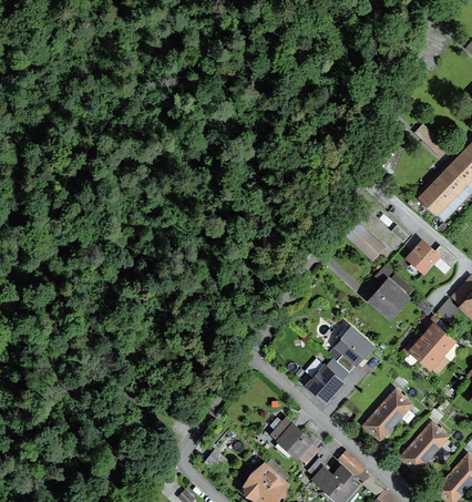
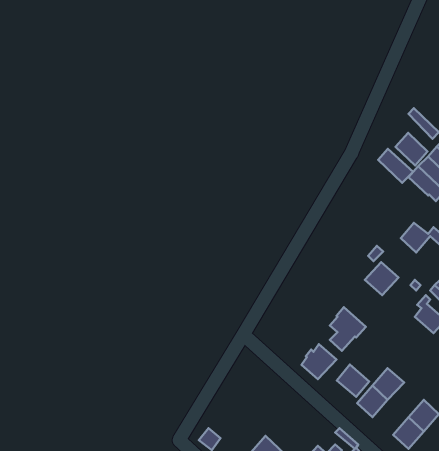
building: none -> [396,133,428,166]
building: [347,224,382,258] -> [378,149,413,183]
building: [402,338,441,368] -> none
building: none -> [337,364,369,397]
building: [279,426,309,455] -> none

